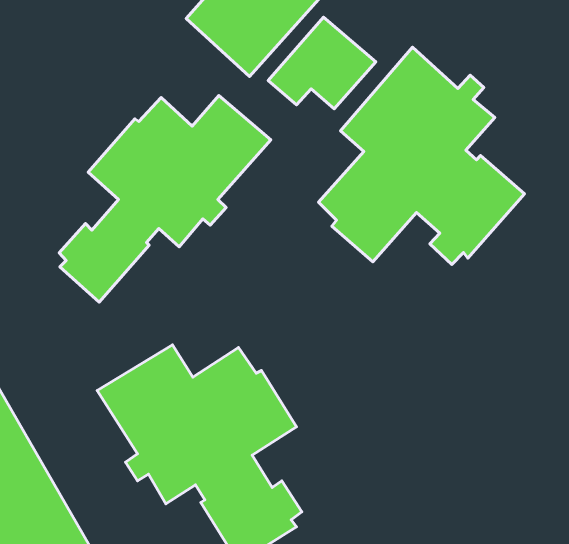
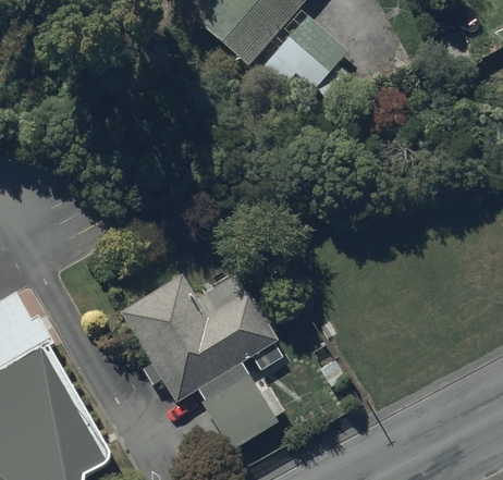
building: [318,47,524,264] -> none
building: [59,96,271,302] -> none

